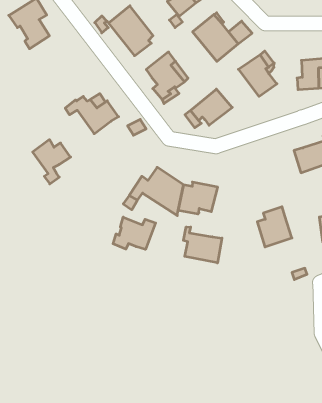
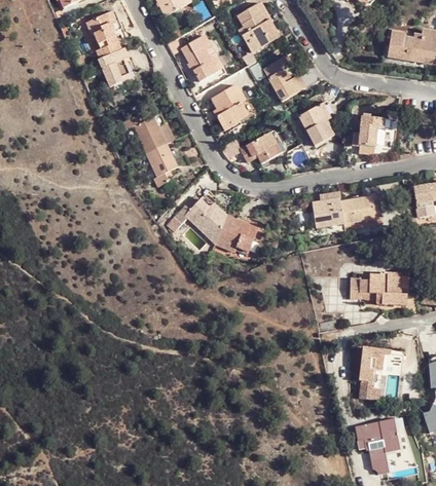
building: none -> [98,48,138,87]
building: [33,140,71,184] -> [148,143,184,186]
building: [257,207,292,247] -> [312,193,342,229]
building: [113,217,156,249] -> none
building: [183,227,222,263] -> none

